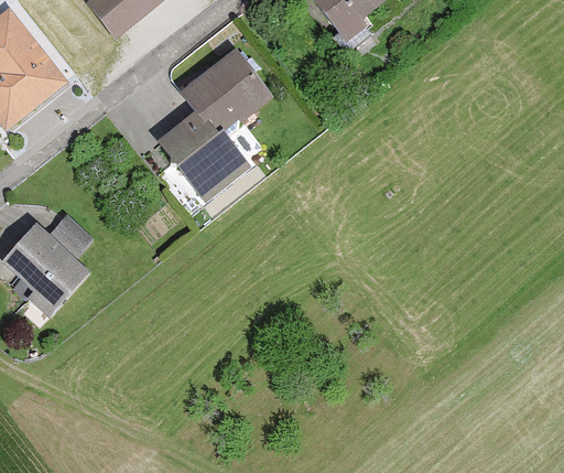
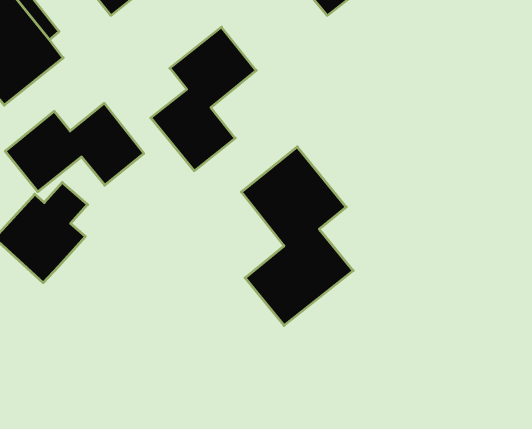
building: none -> [5,103,144,192]
building: none -> [241,147,353,326]

